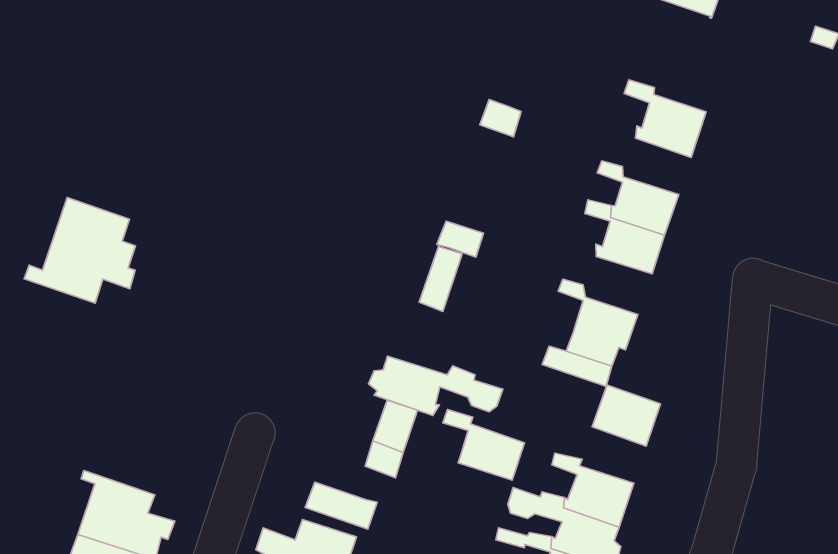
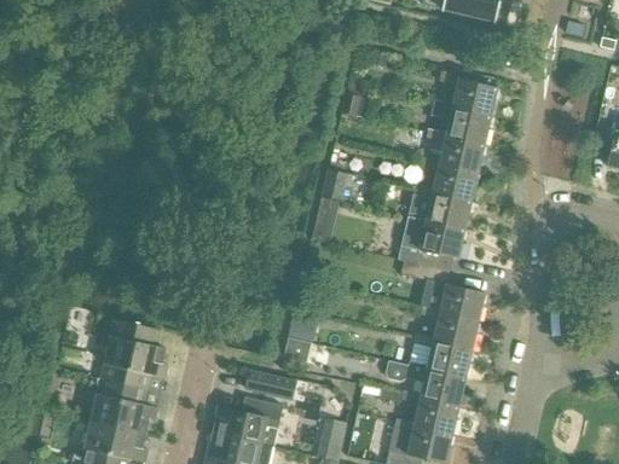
building: none -> [430,100,490,147]
building: [24,197,136,303] -> [89,319,166,390]
building: none -> [412,185,470,233]
building: [368,356,503,415] -> none
building: [443,409,524,480] -> [420,306,478,350]

